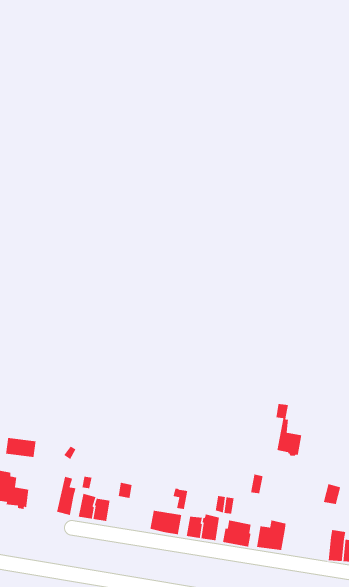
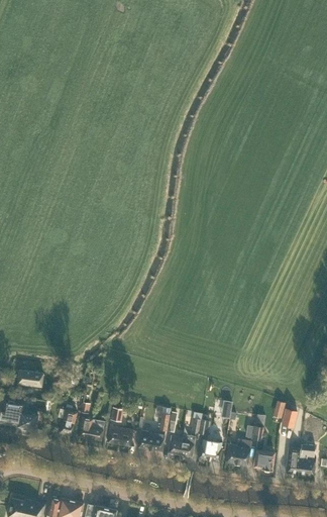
building: [275,403,302,457] -> [252,427,275,472]
building: none -> [107,424,133,446]

